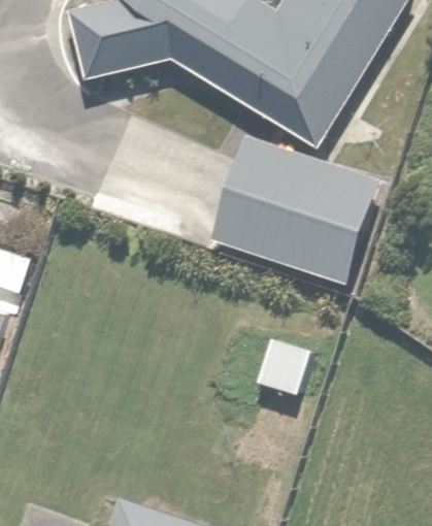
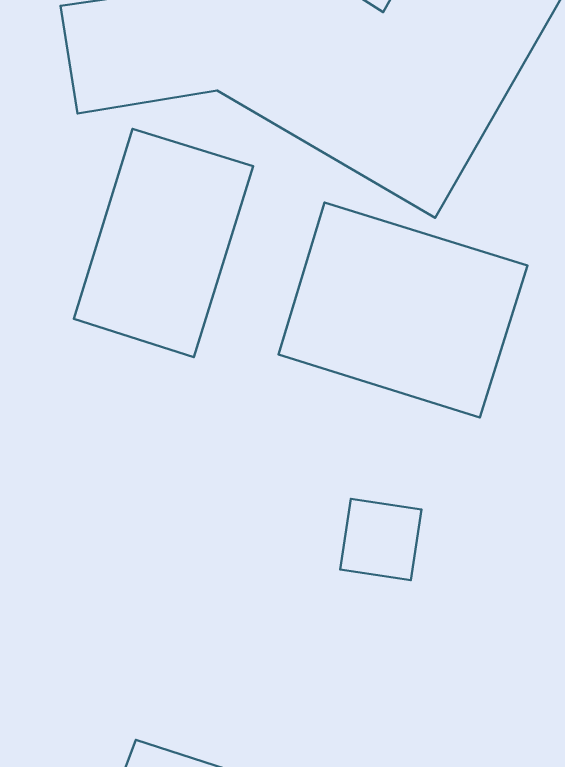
building: none -> [74,129,253,357]

